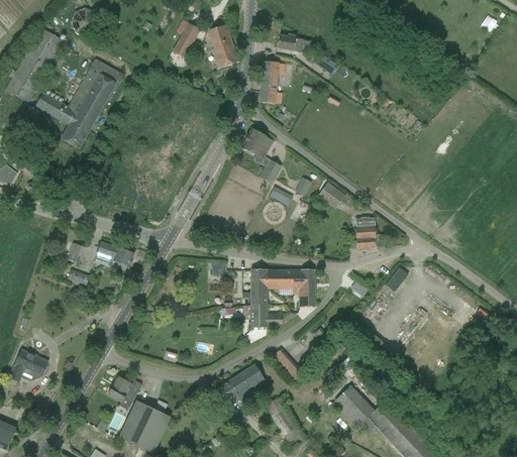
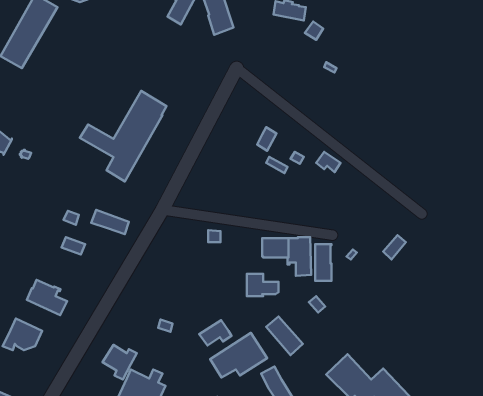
building: [35,59,121,148] -> [80,91,166,181]
building: [260,61,286,103] -> none
building: [242,128,274,164] -> none
building: [355,217,383,248] -> none
building: [251,268,268,305] -> [315,244,332,281]
building: none -> [27,280,67,315]
building: none -> [199,320,232,346]

